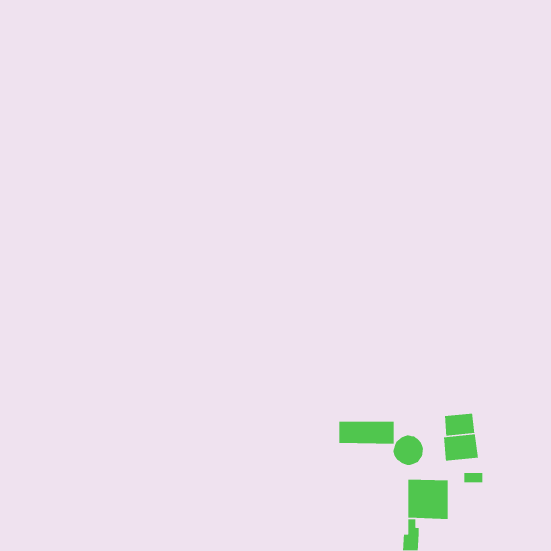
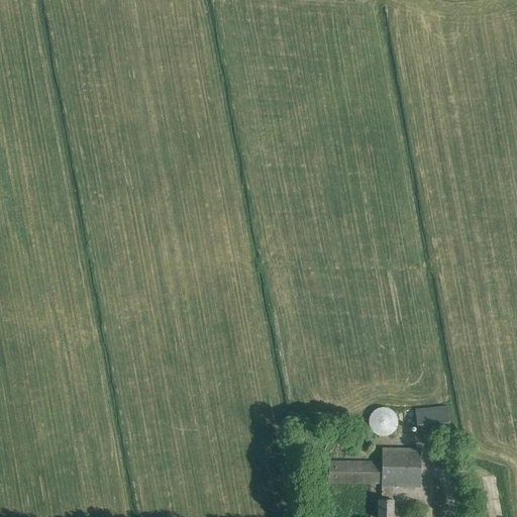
building: [444,413,475,436] -> none
building: [339,421,395,444] -> [329,461,382,484]

